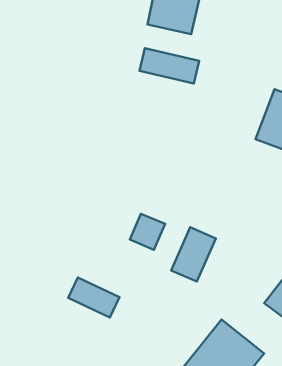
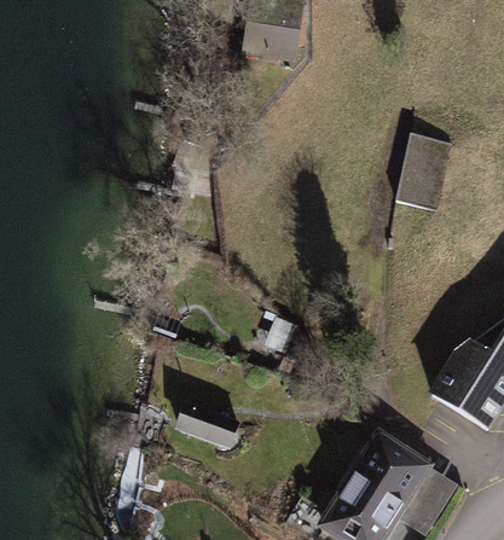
building: [140,48,199,84] -> none
building: [171,227,216,282] -> none

